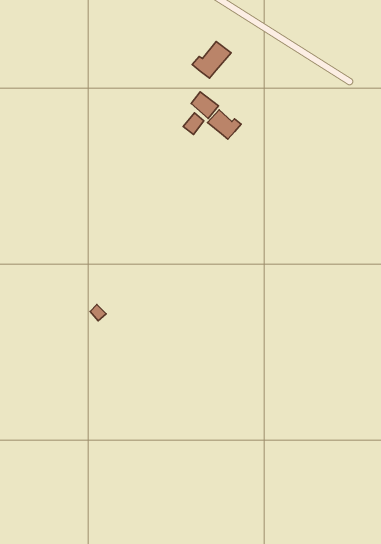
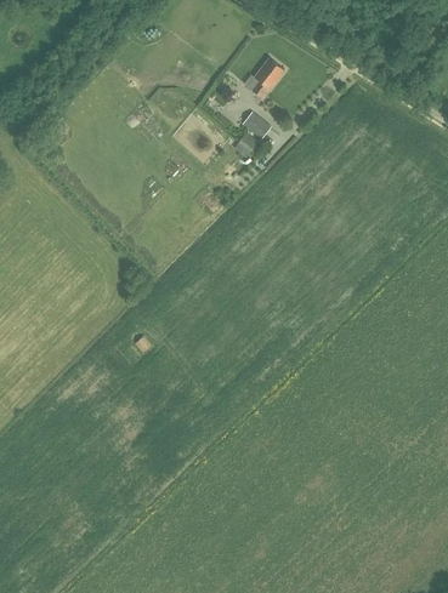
building: [208,110,241,139] -> none

